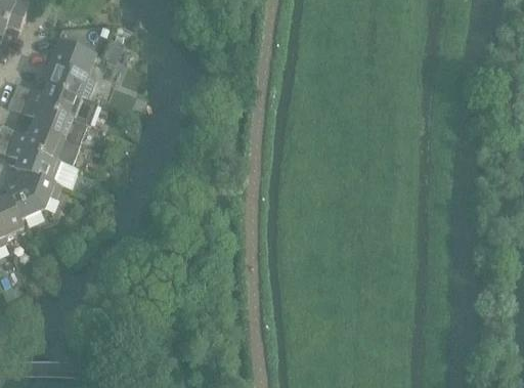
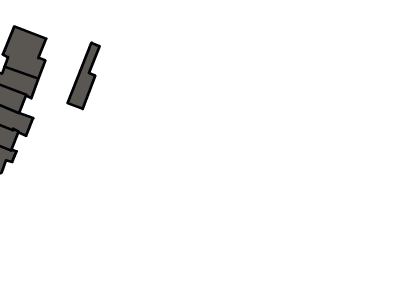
building: none -> [68,43,99,109]

